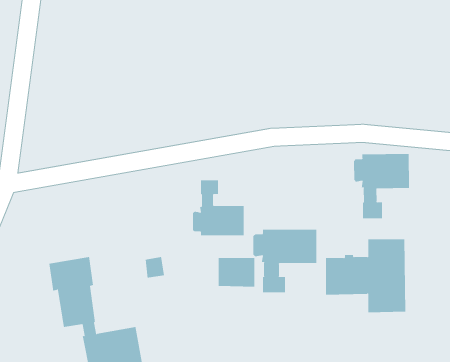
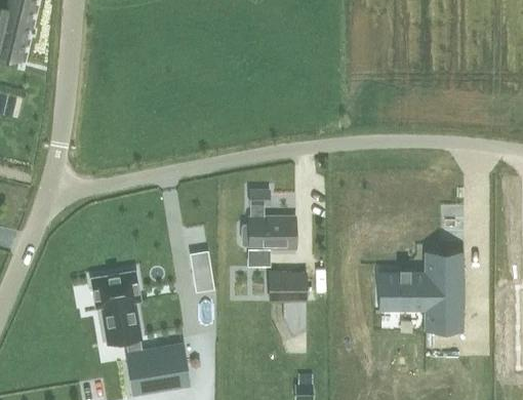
building: [353,153,409,219] -> none
building: [253,229,317,293] -> none

